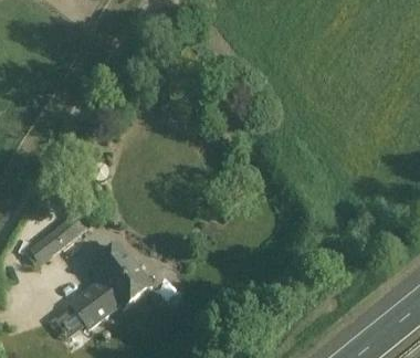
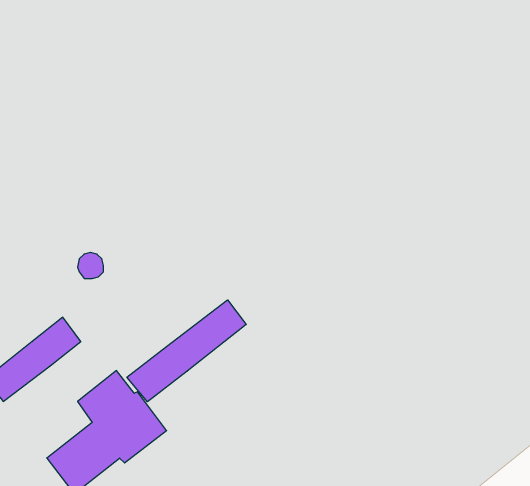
building: none -> [127,300,246,402]

